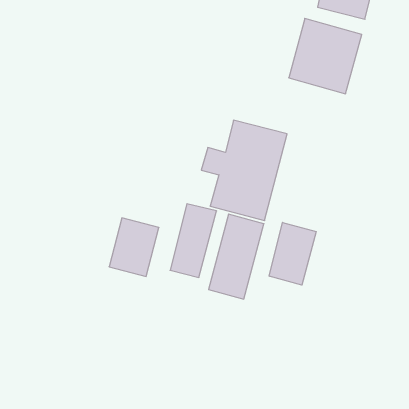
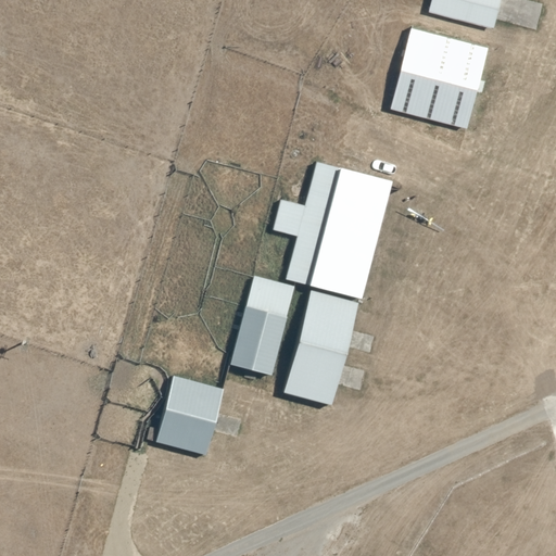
building: [109,218,159,276] -> [156,376,224,455]
building: [269,222,316,285] -> none

